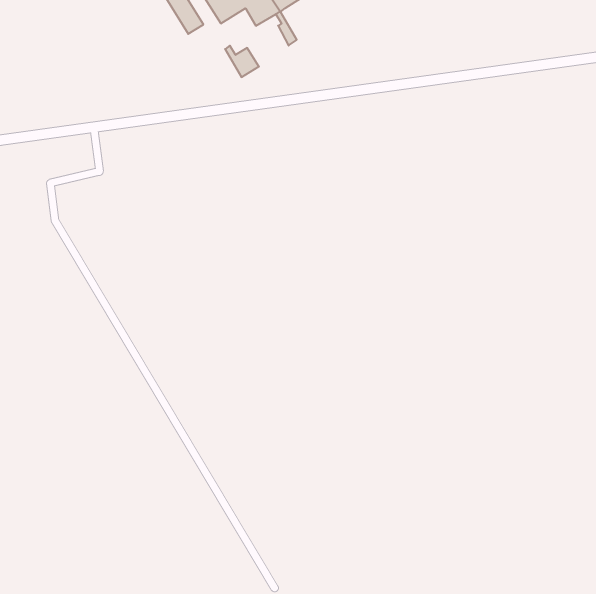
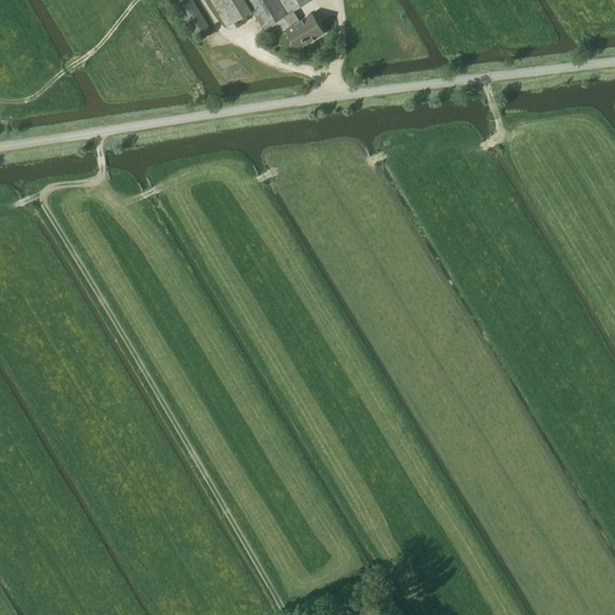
building: [225,46,259,77] -> [289,8,324,41]

